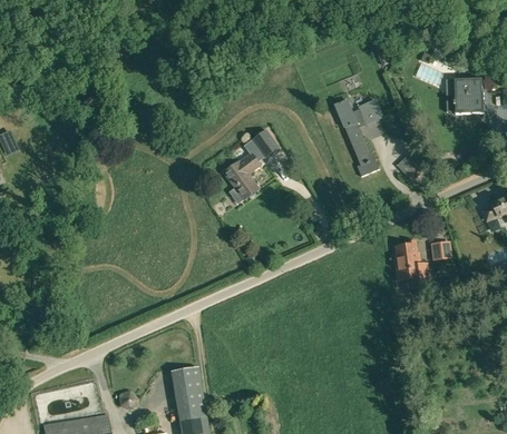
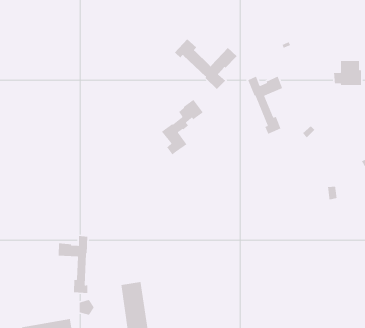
building: none -> [174,38,238,90]
building: [396,240,429,287] -> none
building: none -> [58,235,88,294]

